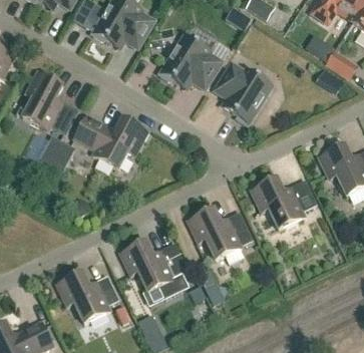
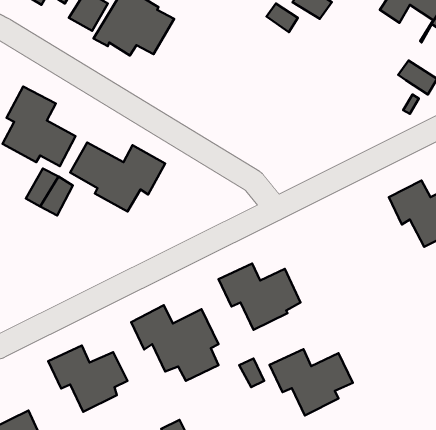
building: [158,34,221,87] -> none
building: [215,62,271,124] -> none
building: [251,176,315,228] -> [270,349,353,416]

